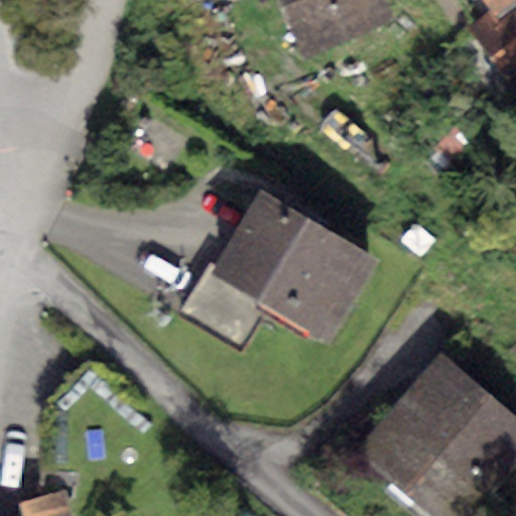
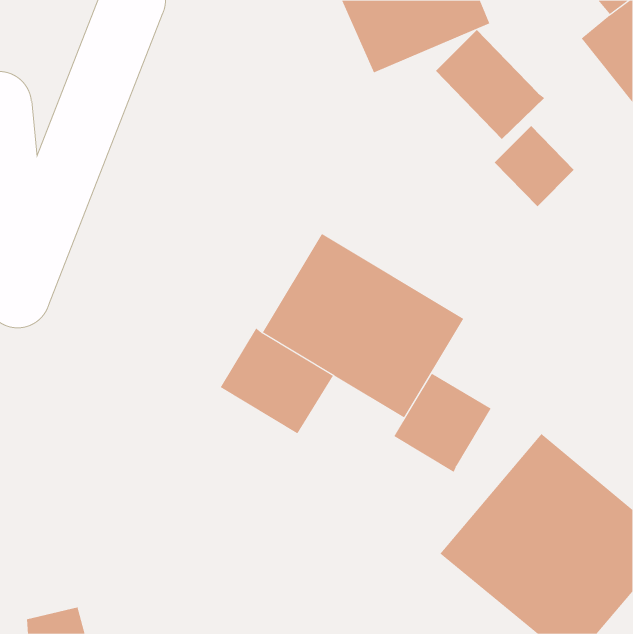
building: none -> [435,29,545,140]
building: none -> [394,373,492,473]

